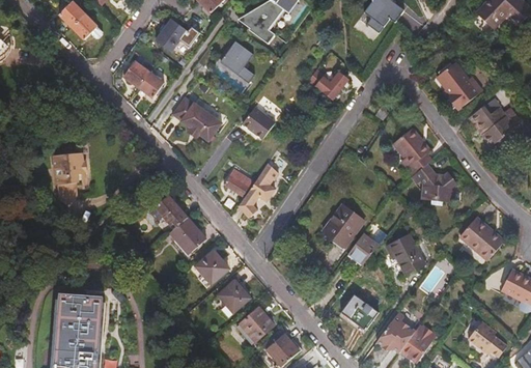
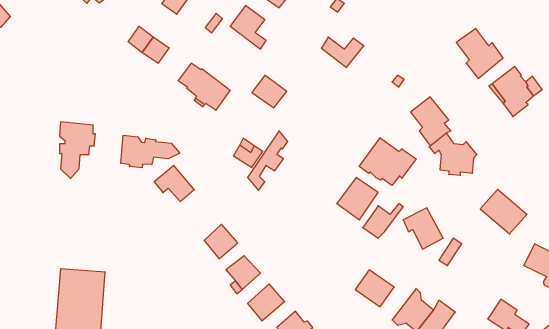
building: none -> [121,135,180,168]
building: none -> [359,138,416,185]
building: [169,217,204,252] -> none

